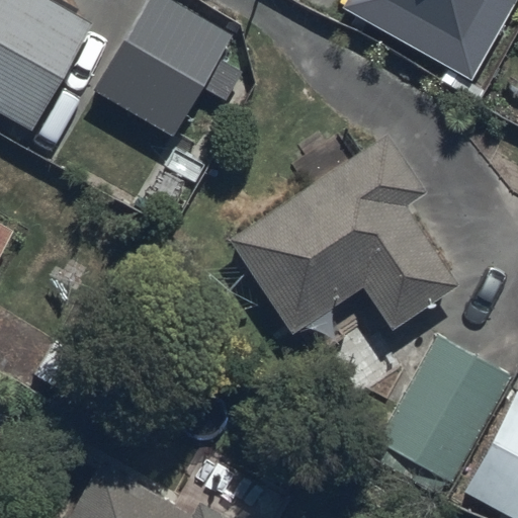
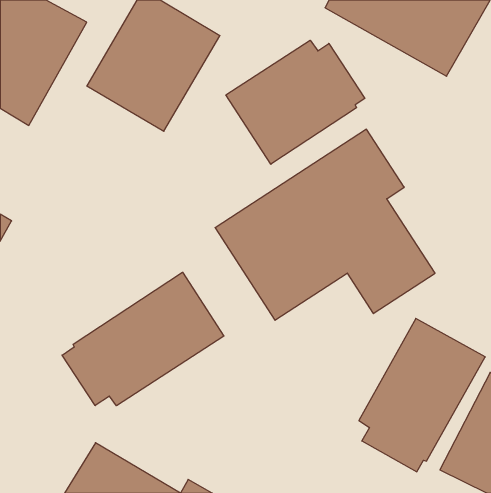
building: none -> [226,40,365,164]
building: none -> [62,272,224,406]

